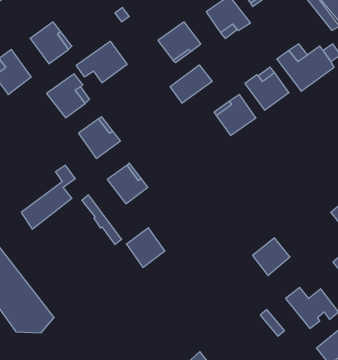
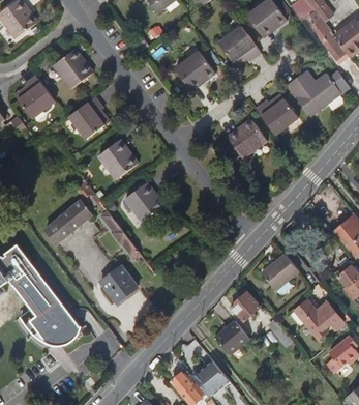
building: [76,41,127,83] -> none
building: [170,65,212,103] -> none
building: [126,228,165,267] -> [99,265,136,302]
building: none -> [230,290,260,320]
building: none -> [214,318,248,352]

